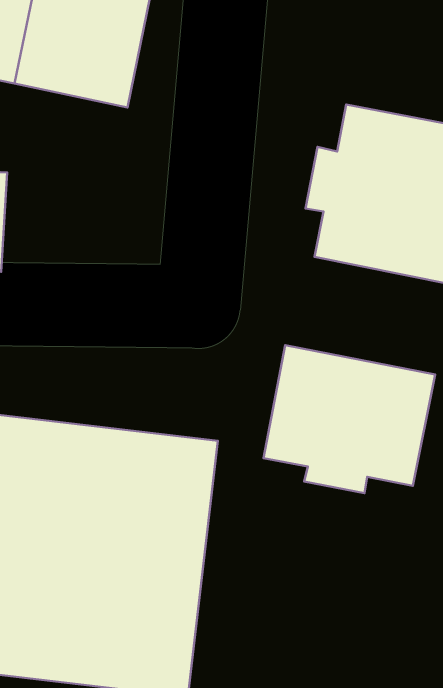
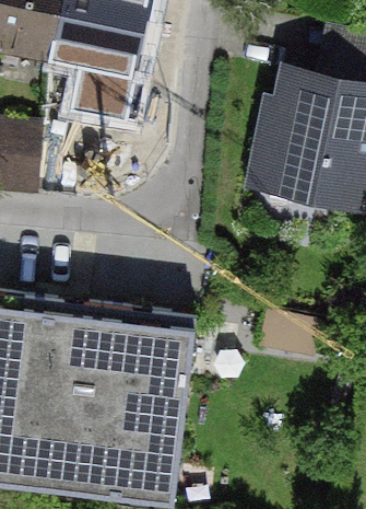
building: [264,345,435,493] -> none

